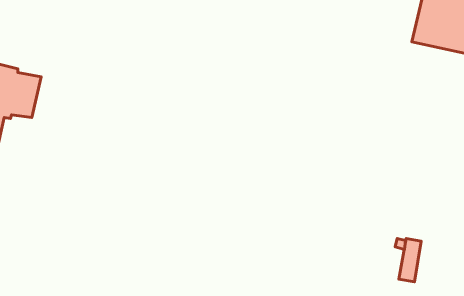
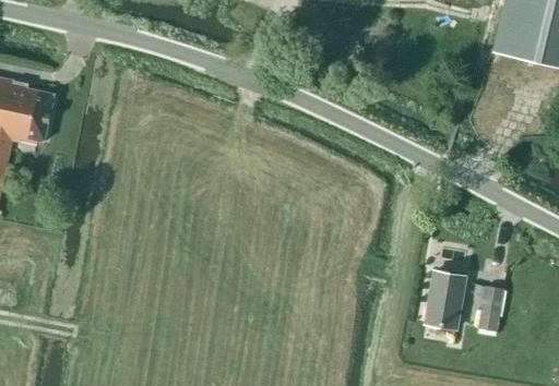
building: none -> [425,270,465,327]

